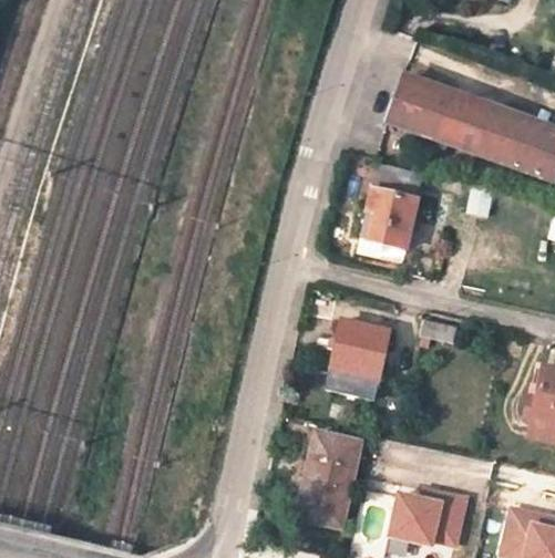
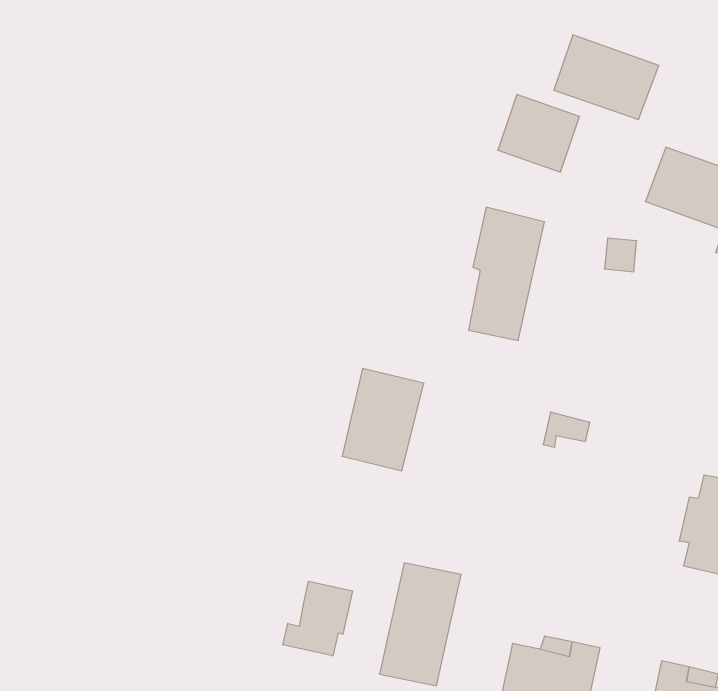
building: [435,94,515,158] -> [554,35,659,120]
building: [328,319,390,396] -> [342,368,424,471]
building: none -> [283,581,353,656]

